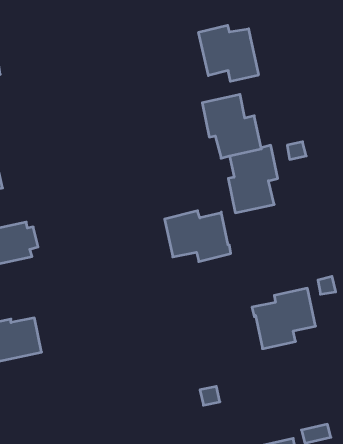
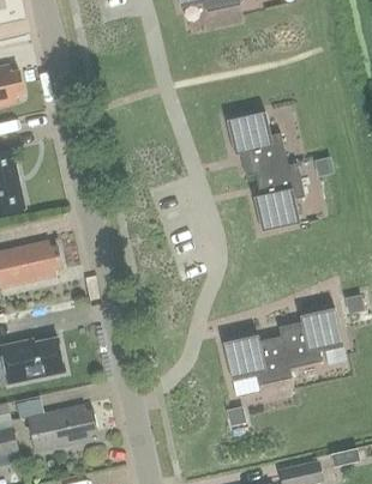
building: [199,25,258,81] -> none
building: [165,211,231,262] -> [223,334,290,386]
building: none -> [28,406,97,453]

